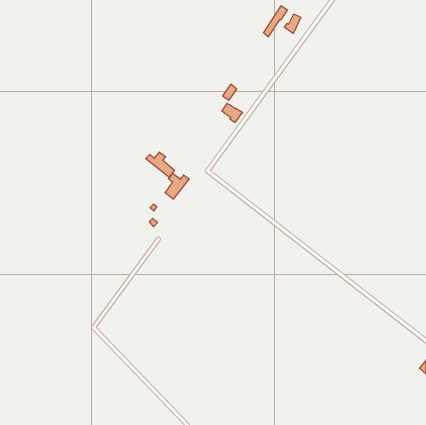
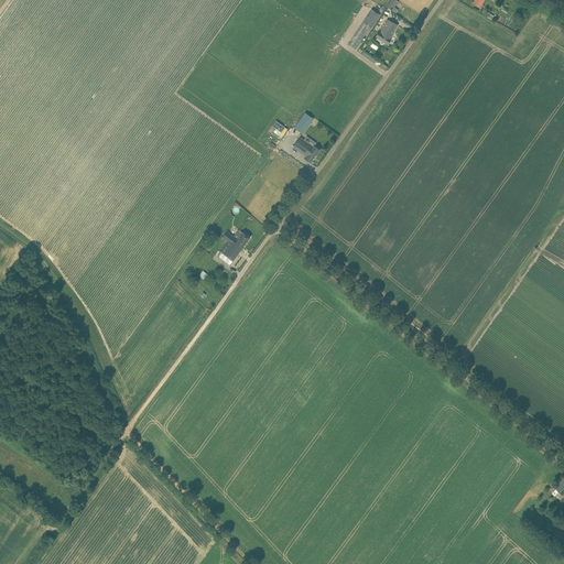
building: [146,152,174,177] -> none

